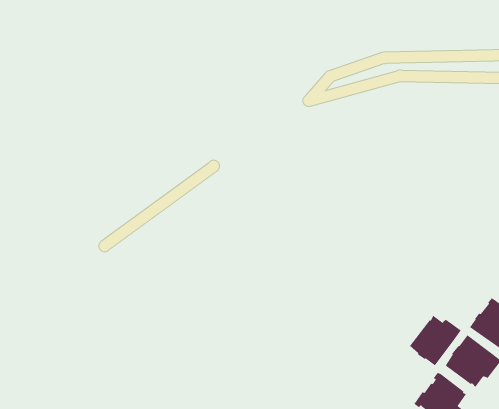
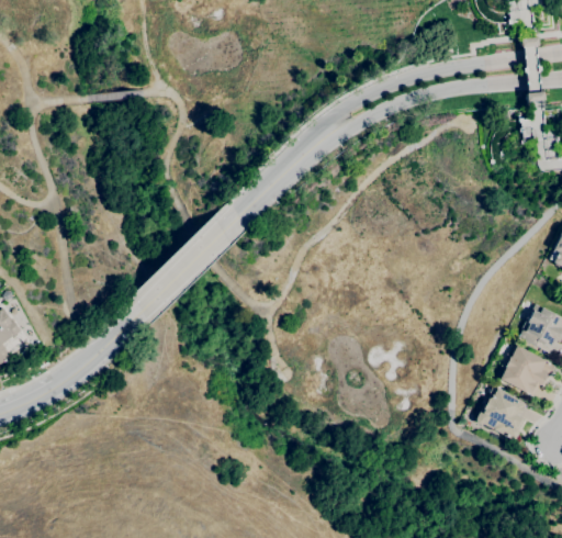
building: [409,315,462,366] -> none

